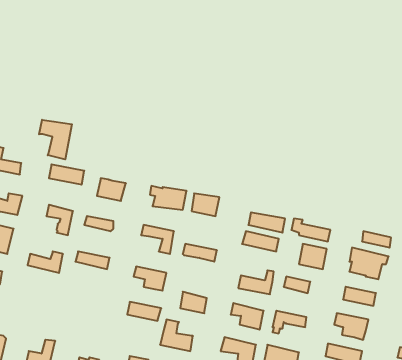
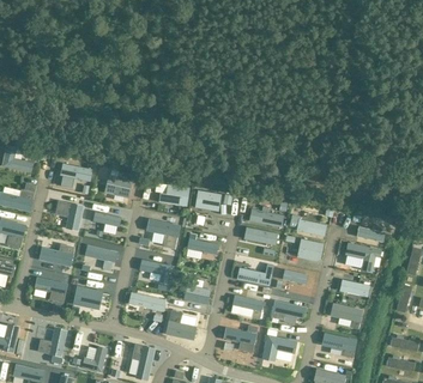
building: [39,120,72,159] -> none
building: none -> [34,276,67,303]
building: none -> [72,285,102,310]

